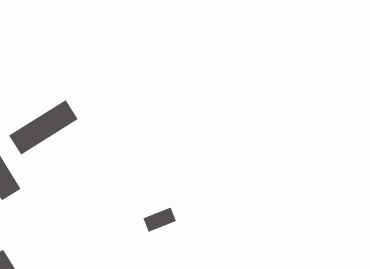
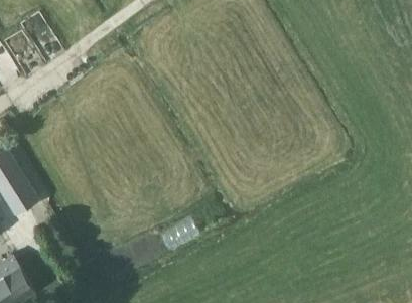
building: [8,99,79,155] -> none

